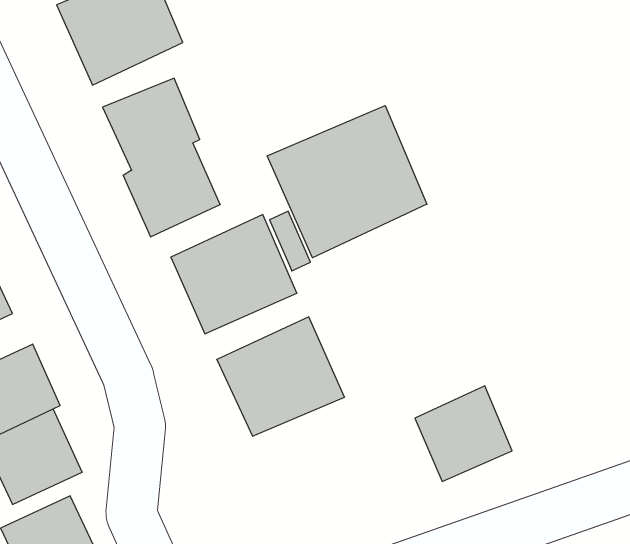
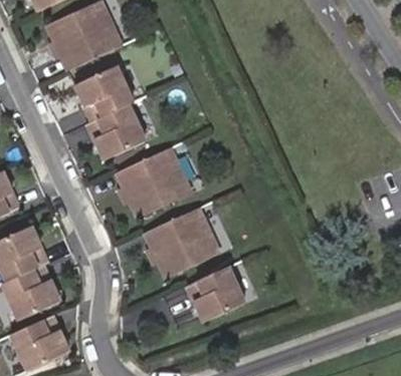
building: [267,106,427,258] -> none
building: [415,386,512,481] -> [182,268,239,324]

